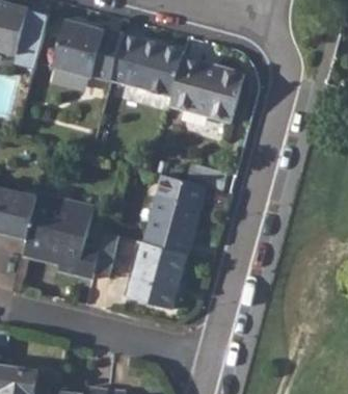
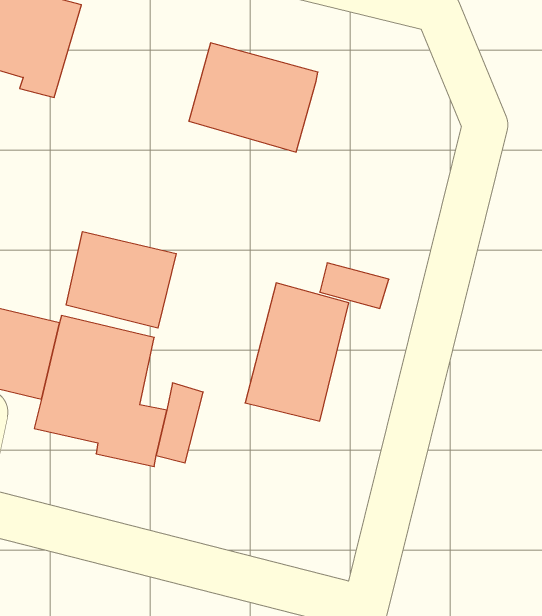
building: [53,22,124,82] -> none
building: [170,59,245,126] -> none
building: none -> [66,232,176,328]
building: [126,242,187,311] -> none

